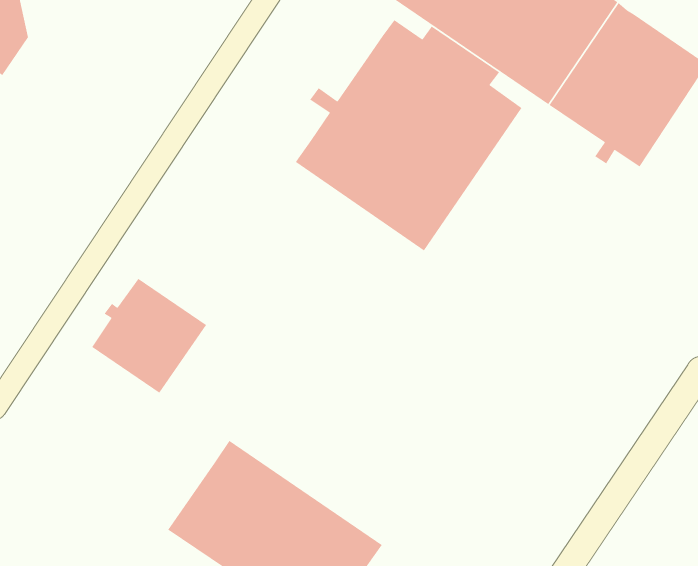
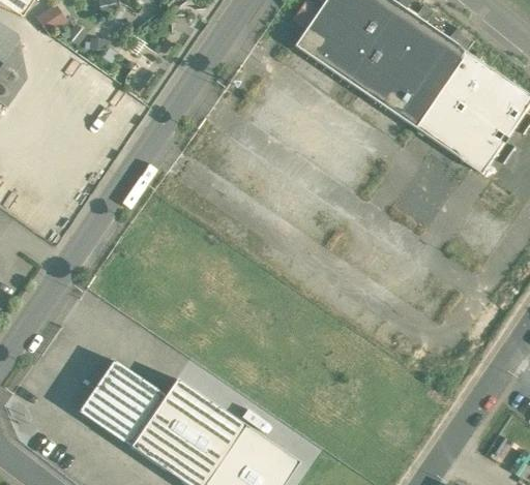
building: [295,19,522,251] -> none
building: [91,278,207,394] -> [79,360,166,447]

